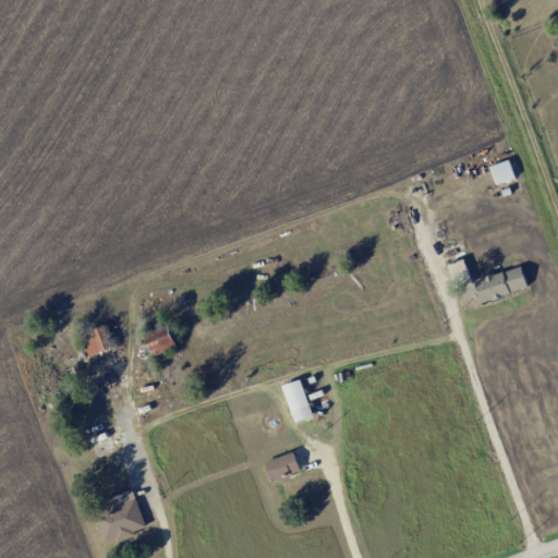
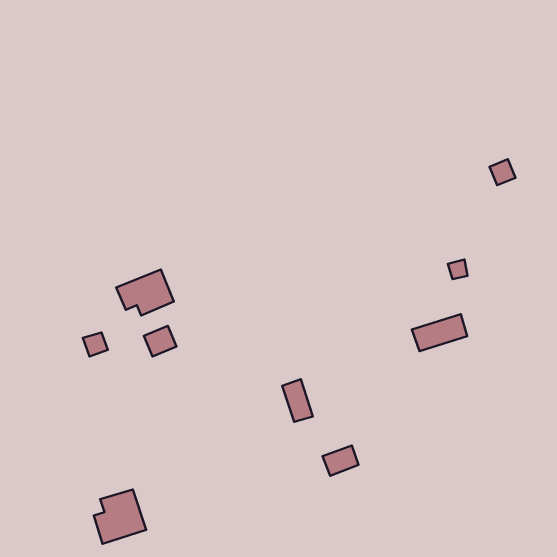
building: [472,266,527,303] -> [412,314,467,351]
building: none -> [116,269,174,316]
building: [264,451,300,482] -> [322,445,358,476]

